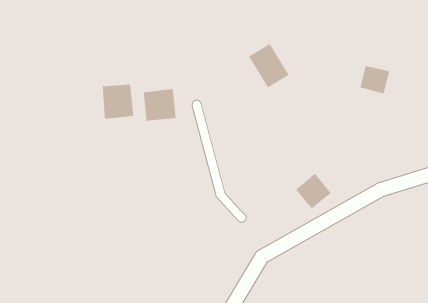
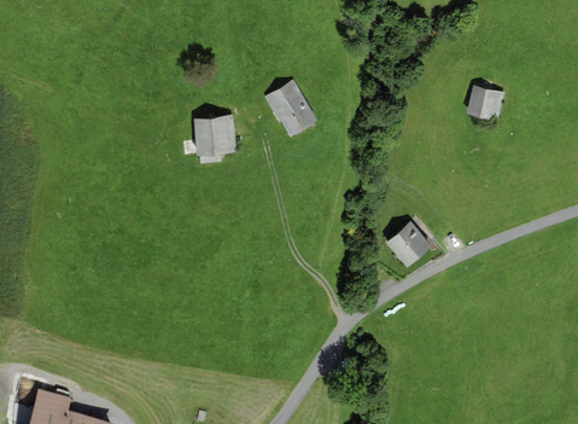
building: [248,43,289,88] -> [264,80,316,137]
building: [102,84,134,119] -> none

